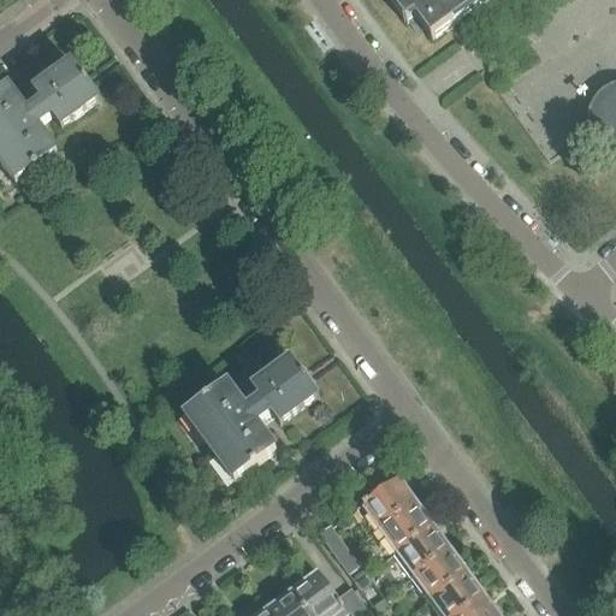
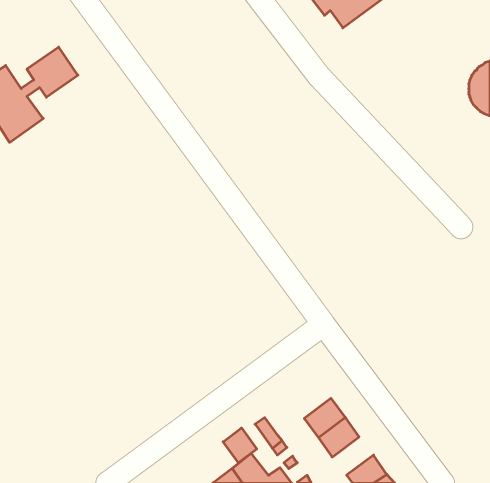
building: [184,356,315,475] -> none
building: [356,473,414,523] -> none
building: none -> [223,428,257,463]
building: [415,546,467,594] -> none

